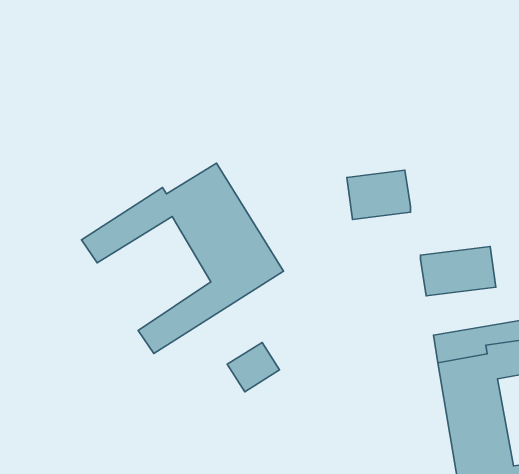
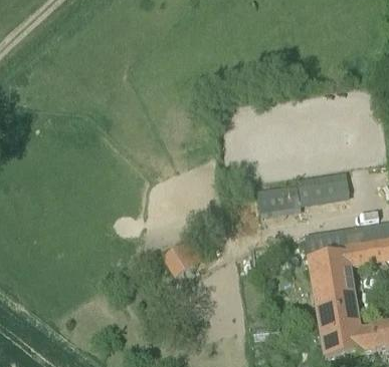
building: [82,163,283,353] -> none
building: [347,170,411,220] -> [256,182,301,217]

